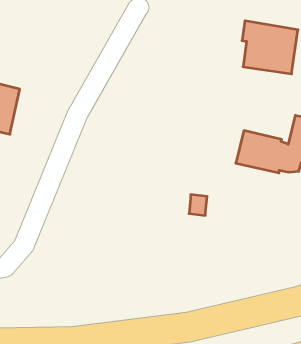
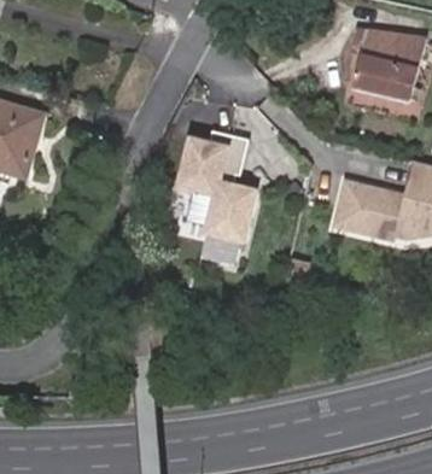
building: none -> [177,131,256,242]

